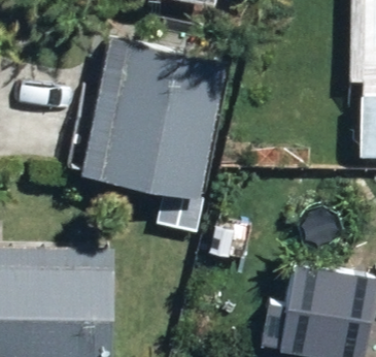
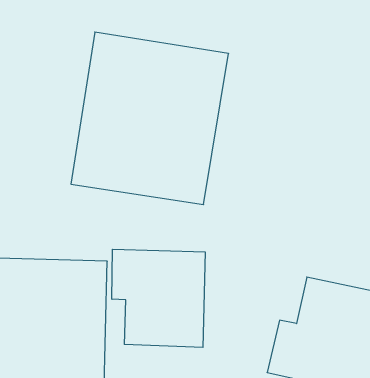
building: none -> [112,249,205,347]

